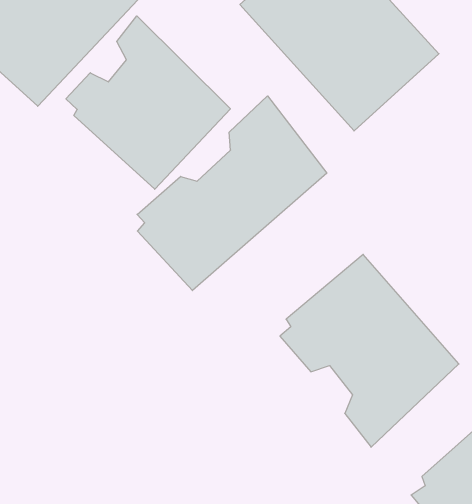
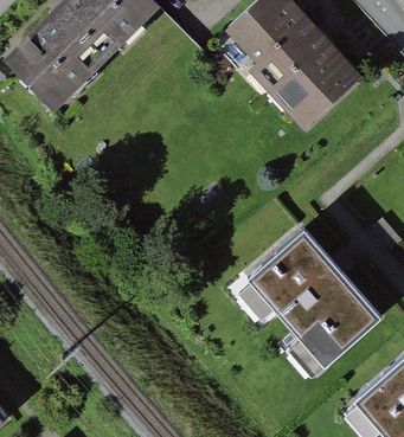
building: [66,16,230,189] -> none
building: [137,96,327,291] -> none

